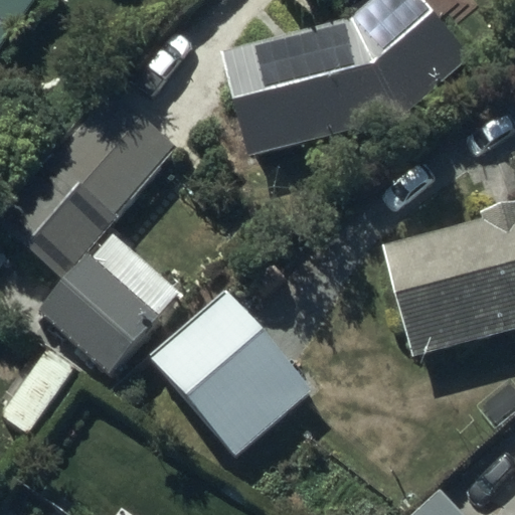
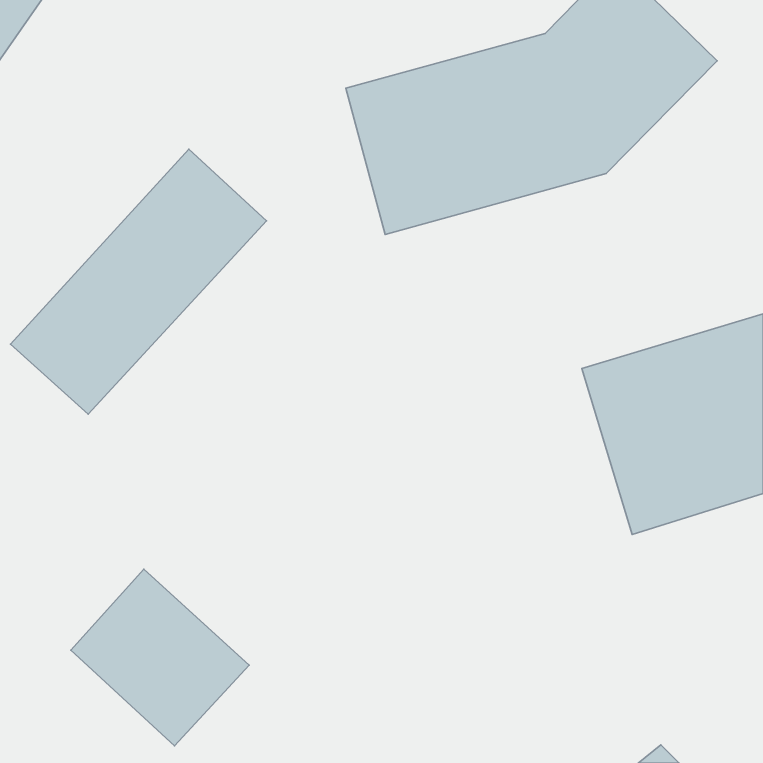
building: [40,259,158,375] -> [71,569,249,746]
building: [153,291,312,454] -> none

